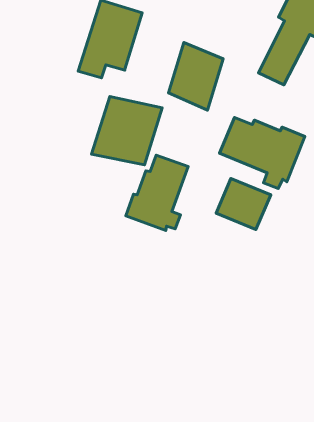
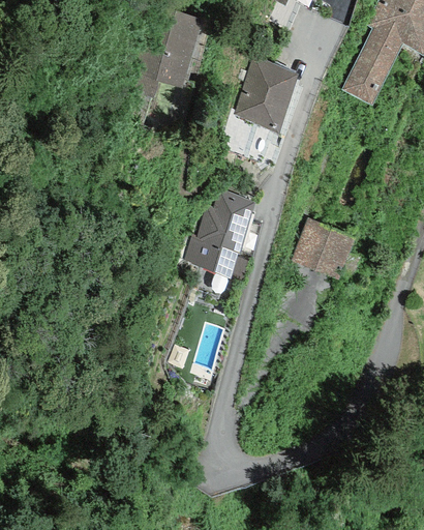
building: [92,96,162,165] -> none
building: [219,117,305,189] -> none

